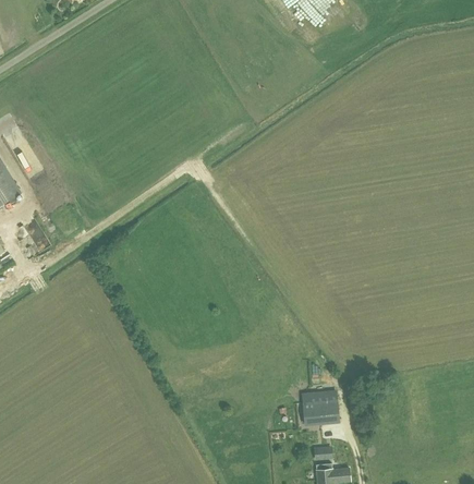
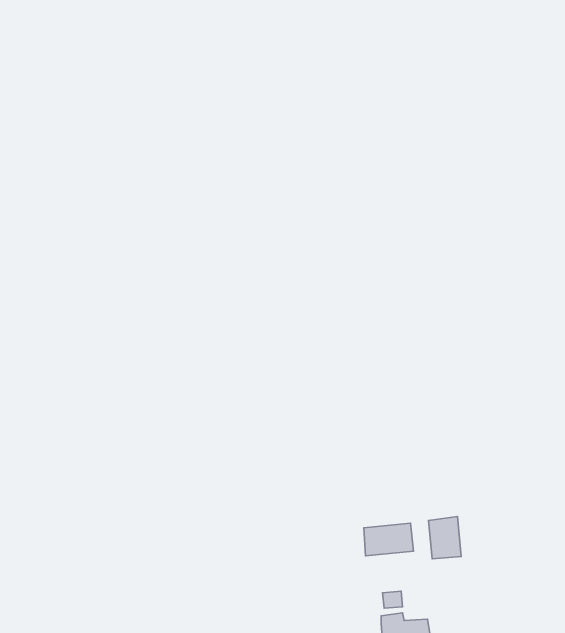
building: none -> [429,517,461,559]

